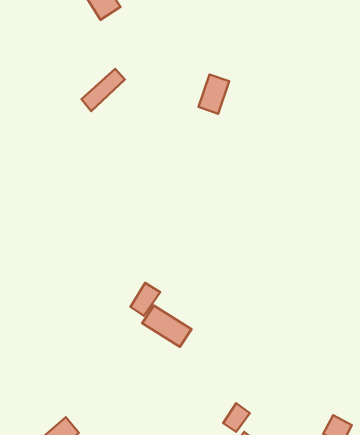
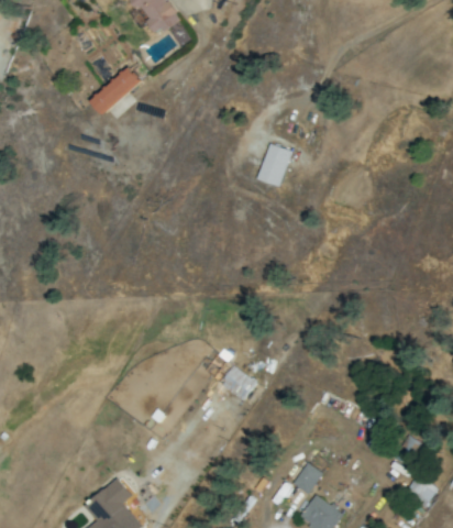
building: [81,69,125,111] -> [92,67,141,114]
building: [198,74,229,114] -> [257,143,291,187]
building: [130,283,160,316] -> none

